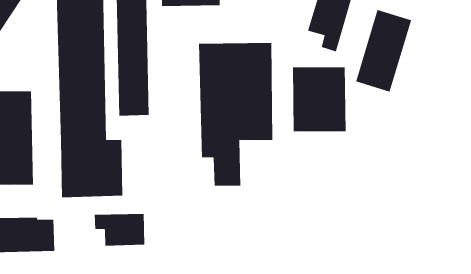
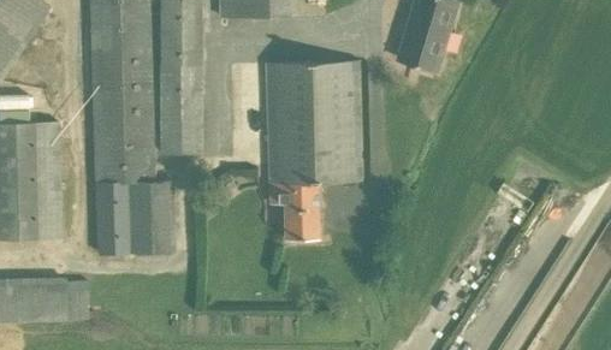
building: [355,9,412,92] -> none
building: [292,67,346,132] -> none
building: [94,213,145,246] -> none

